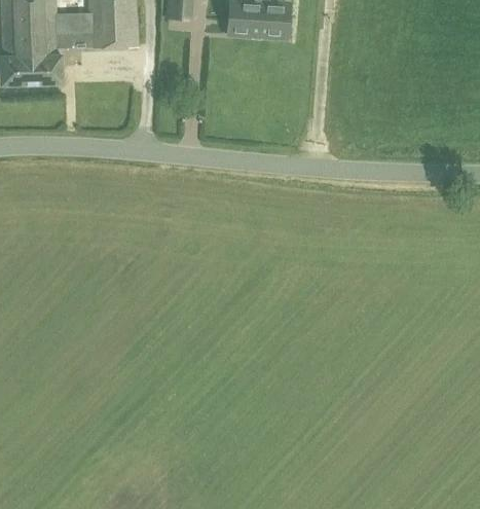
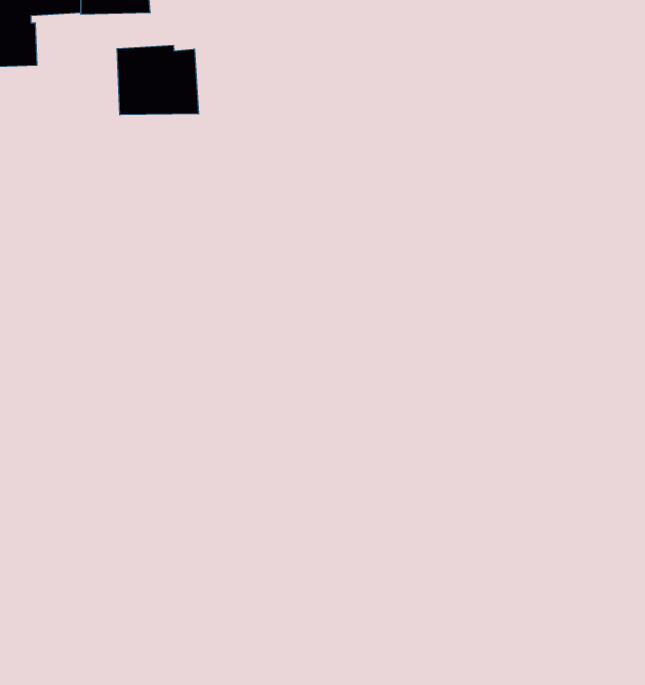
building: none -> [117,45,199,115]

